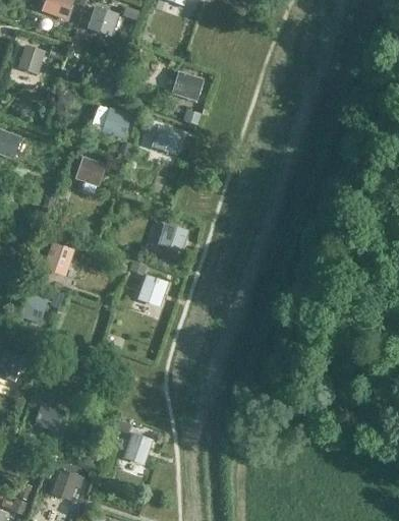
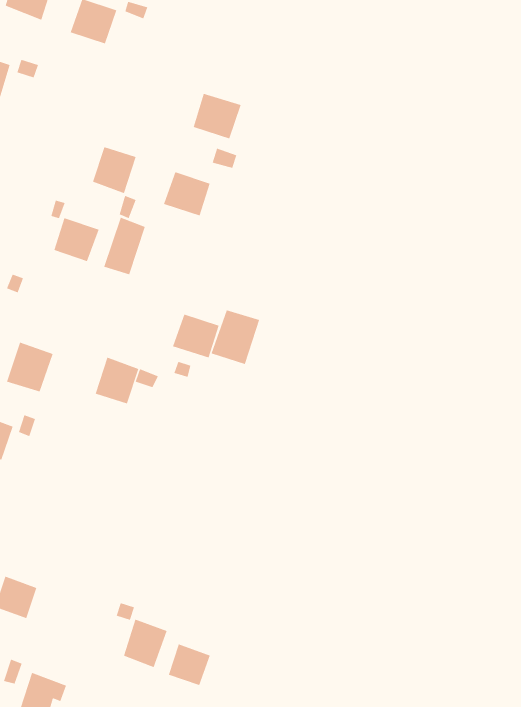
building: none -> [104,217,145,275]
building: none -> [211,310,260,365]
building: [136,274,167,306] -> [95,357,139,404]
building: none -> [168,644,210,686]

